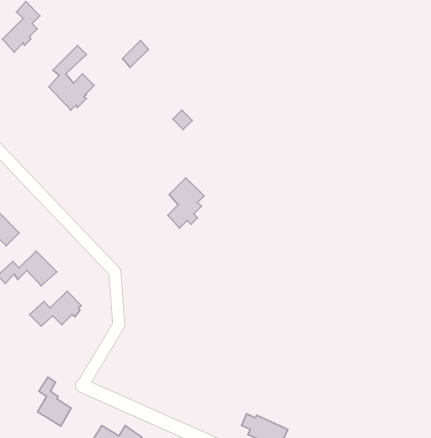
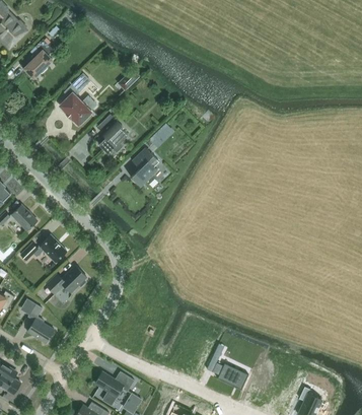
building: none -> [97,114,128,154]
building: [168,178,204,228] -> [131,147,159,187]
building: [38,377,71,426] -> [27,304,54,343]

